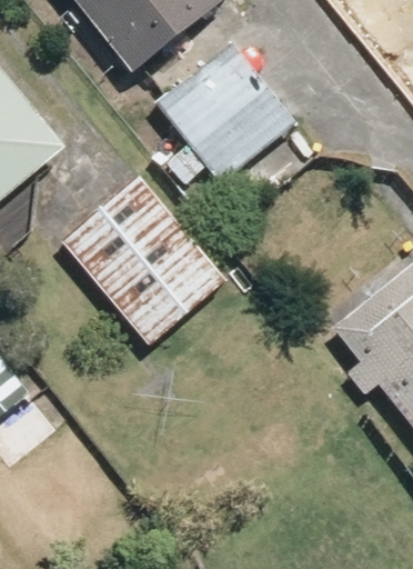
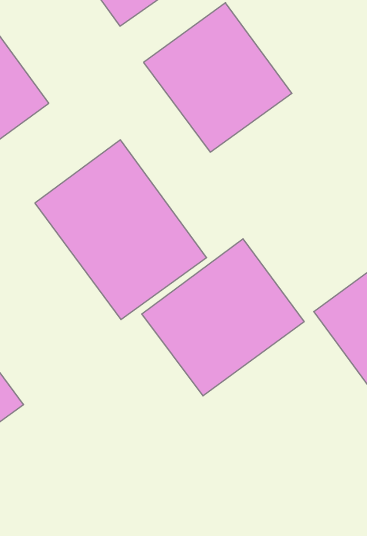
building: none -> [142,239,304,396]

